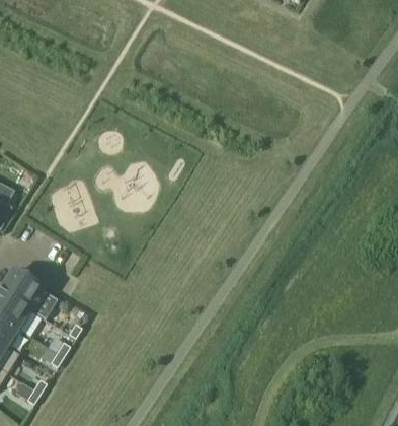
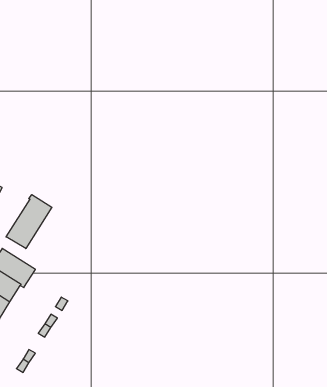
building: none -> [6,195,52,249]

